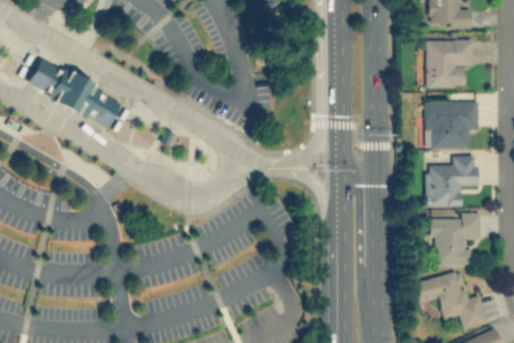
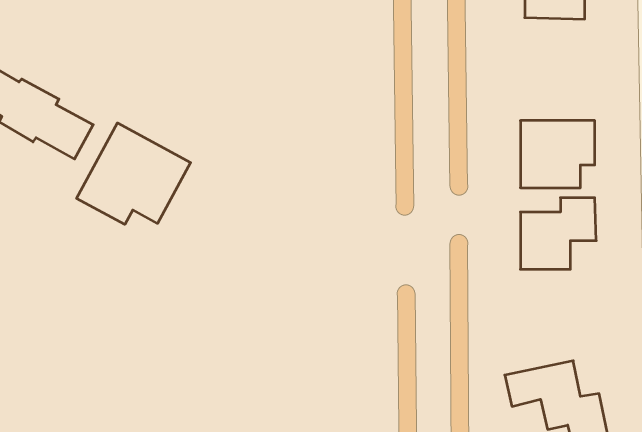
building: [425,40,473,89] -> none
building: none -> [77,123,191,224]
building: [434,213,481,267] -> none

